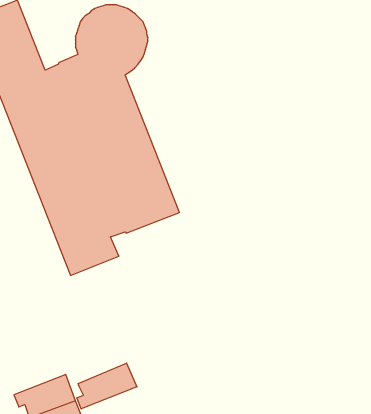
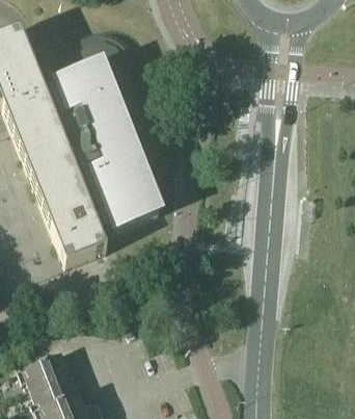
building: [77,363,137,409] -> none

